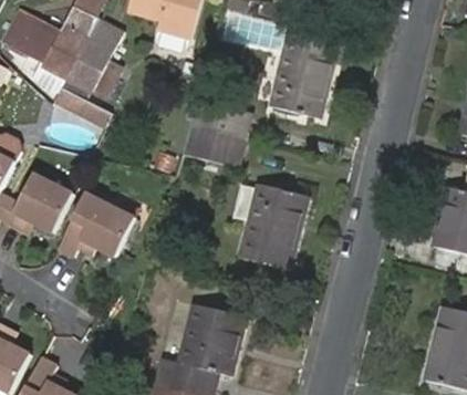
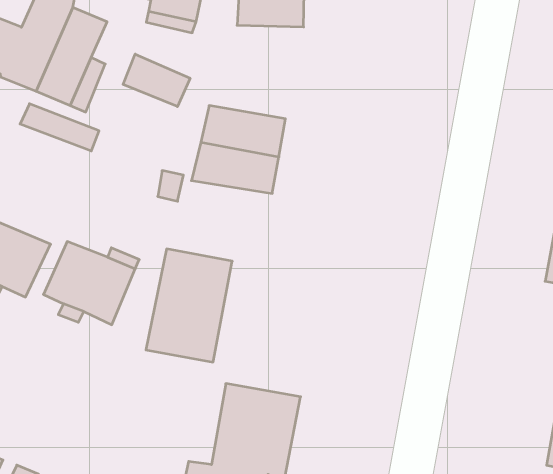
building: [271,32,340,118] -> none
building: none -> [123,54,190,107]
building: [241,184,309,269] -> [146,249,232,362]

